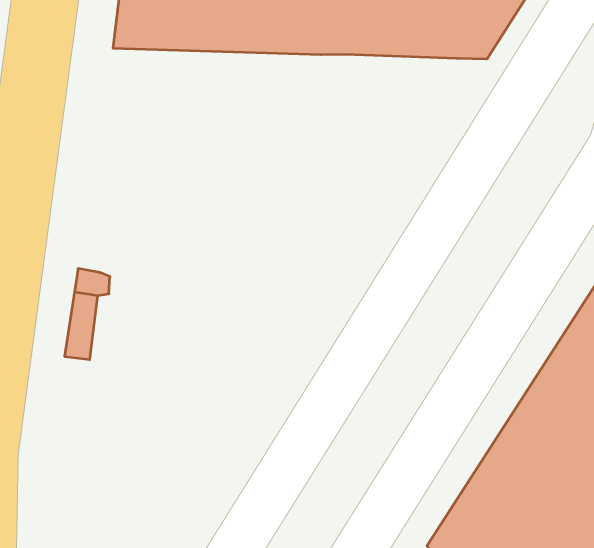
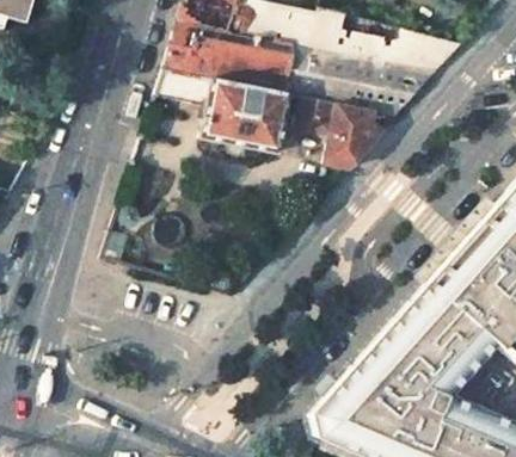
building: none -> [156,68,295,152]
building: none -> [305,97,385,168]

